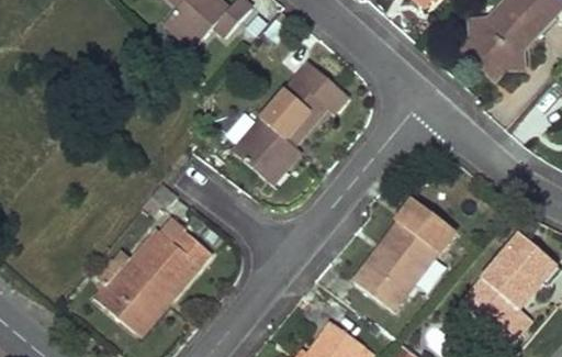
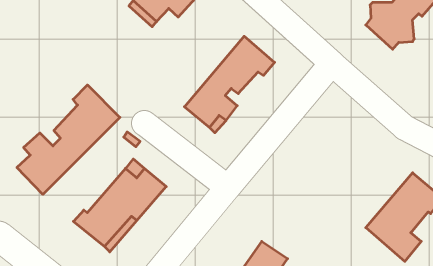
building: none -> [17,85,120,194]
building: [355,199,456,311] -> none

